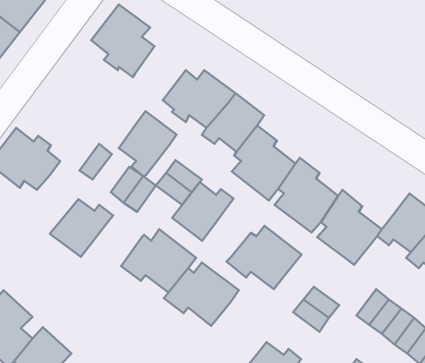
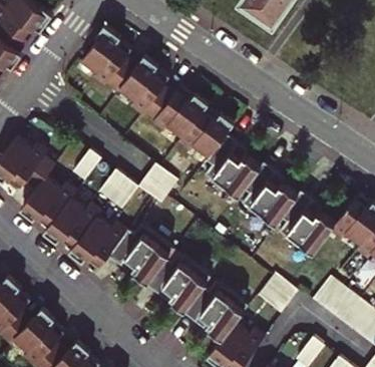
building: [119,111,176,177] -> [120,56,170,113]
building: none -> [22,176,75,227]
building: [172,182,233,241] -> [73,217,126,268]
building: [226,226,301,289] -> [182,281,248,336]

